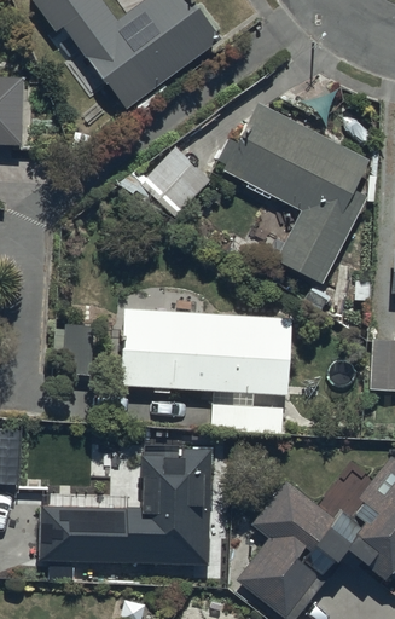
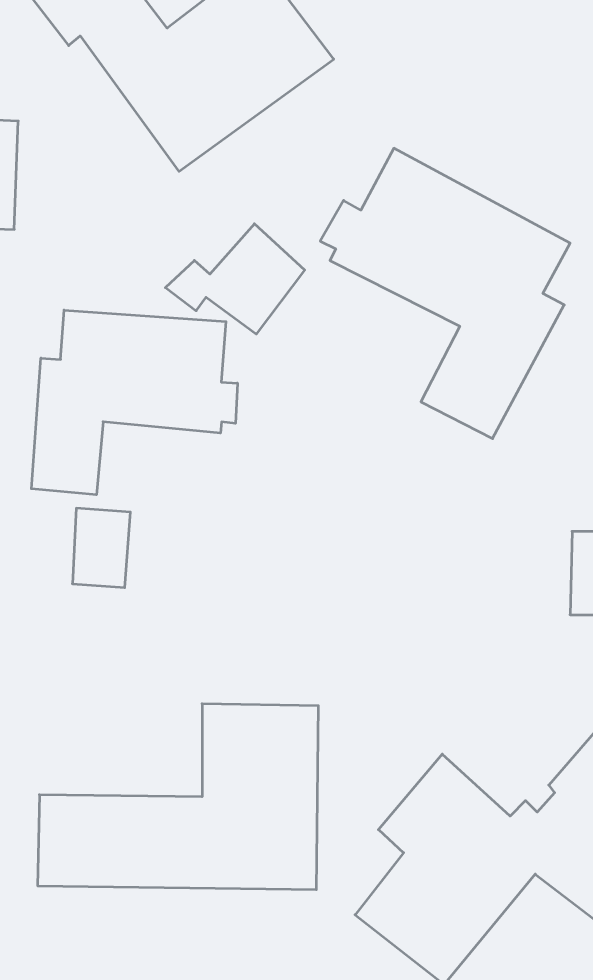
building: none -> [31,310,237,495]
building: [118,306,291,430] -> none

